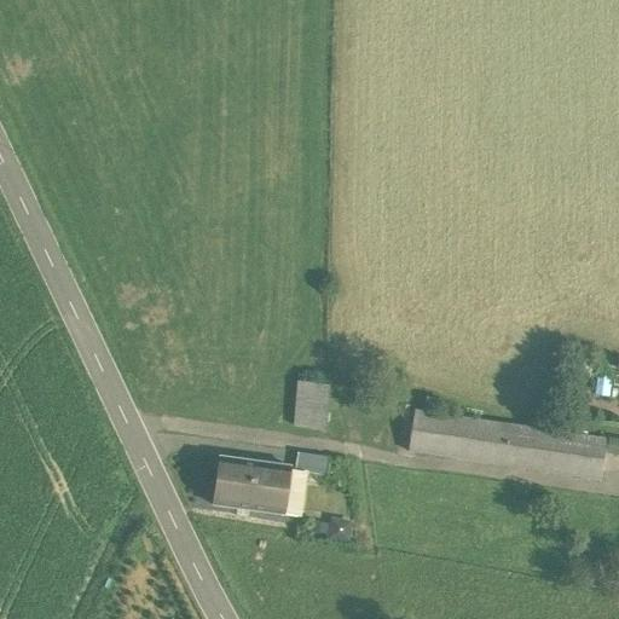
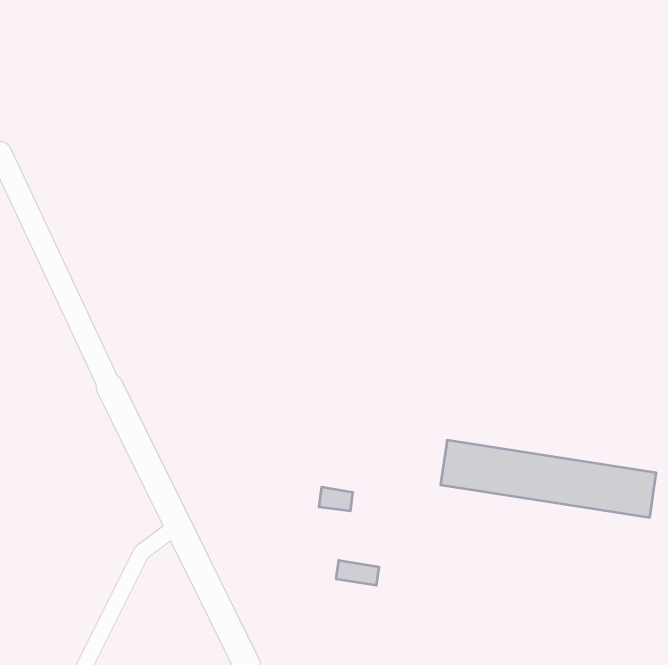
building: [293,381,331,430] -> none
building: [214,455,288,514] -> none

